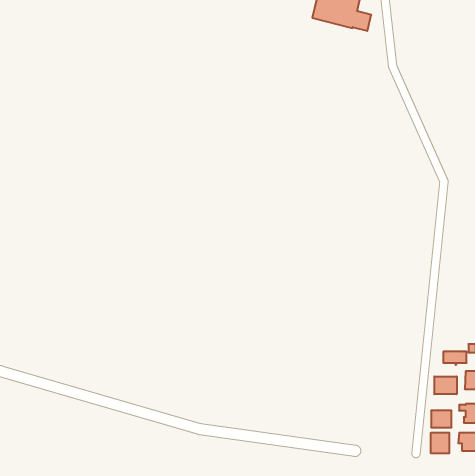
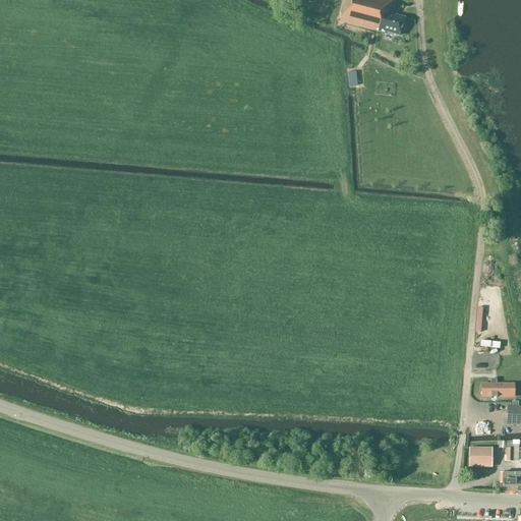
building: [434,376,457,394] -> none
building: [431,433,449,453] -> none

